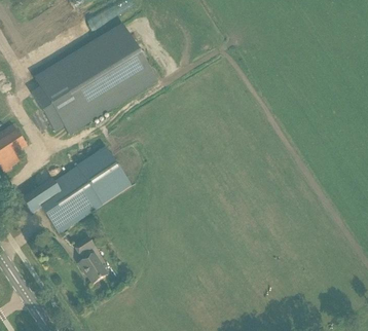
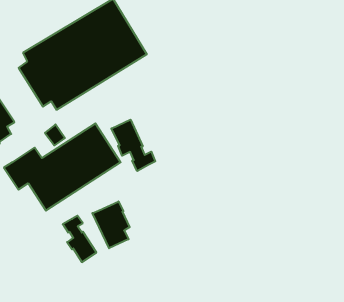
building: none -> [111,120,155,171]
building: none -> [92,201,130,248]

